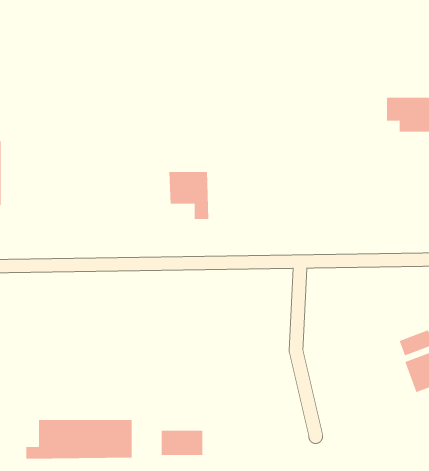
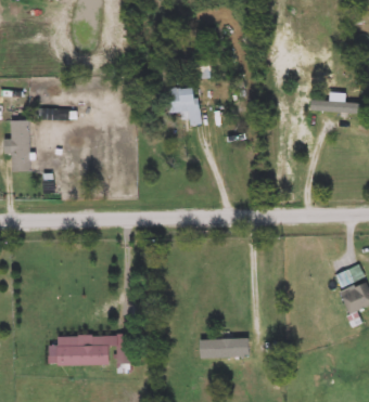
building: [168,172,209,220] -> [167,88,199,125]
building: [161,430,203,455] -> [206,345,239,364]

